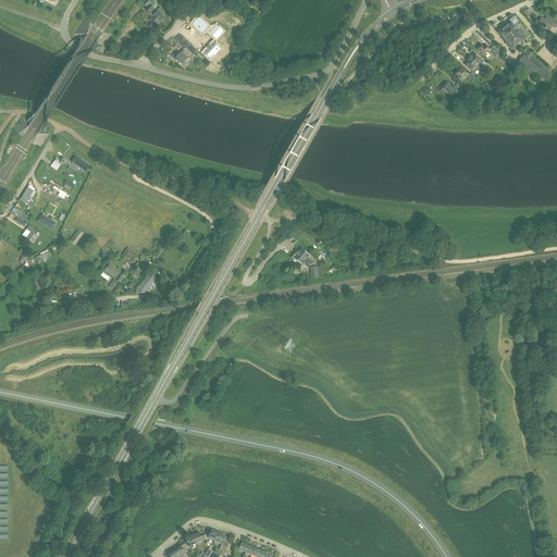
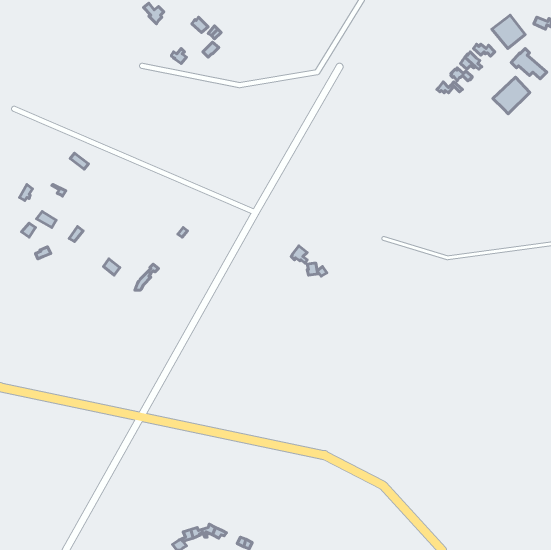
building: none -> [493,77,530,114]

